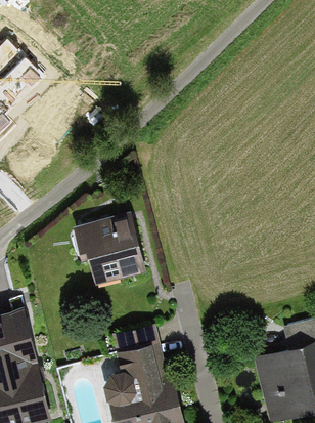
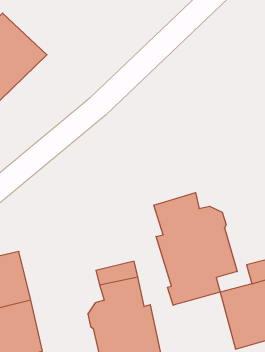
building: [73,214,144,287] -> none
building: none -> [154,193,237,305]

